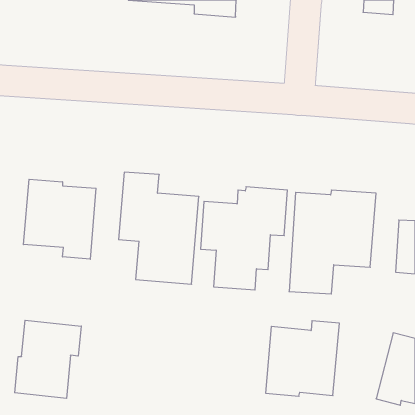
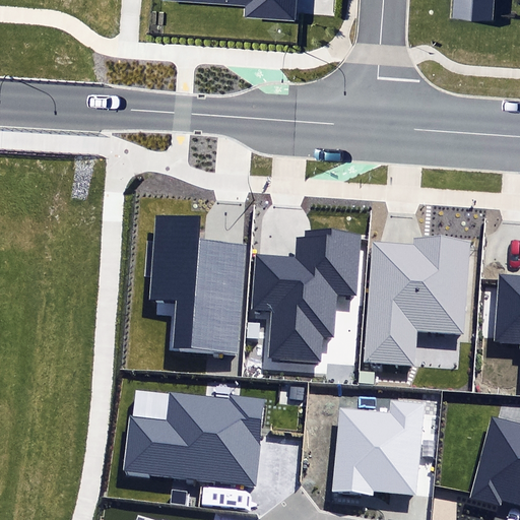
building: [23,179,96,259] -> none
building: none -> [122,394,266,485]
building: [15,320,81,398] -> none

